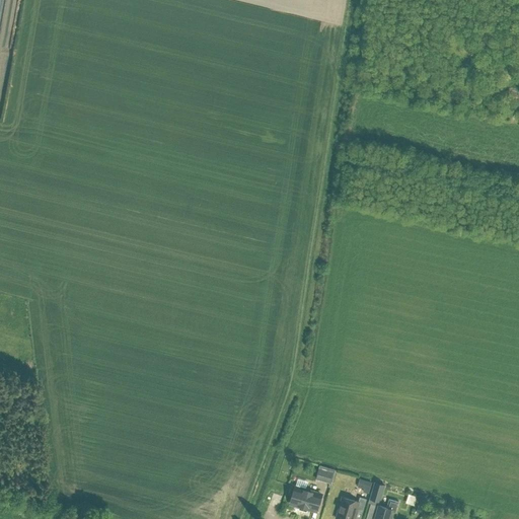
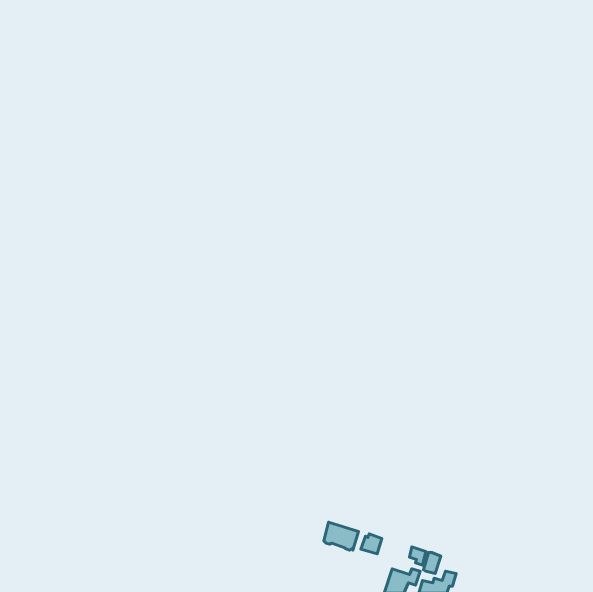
building: [291,488,321,512] -> [324,522,359,550]

